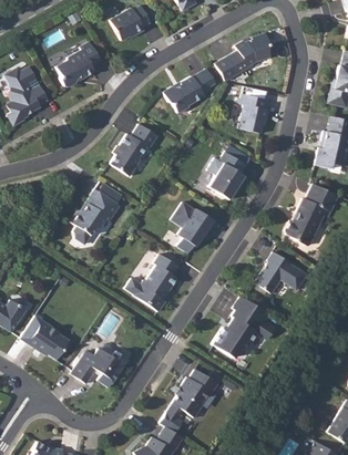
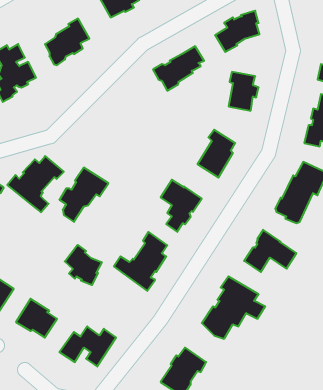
building: [111,124,158,177] -> none
building: none -> [7,156,64,212]
building: none -> [65,245,102,285]

